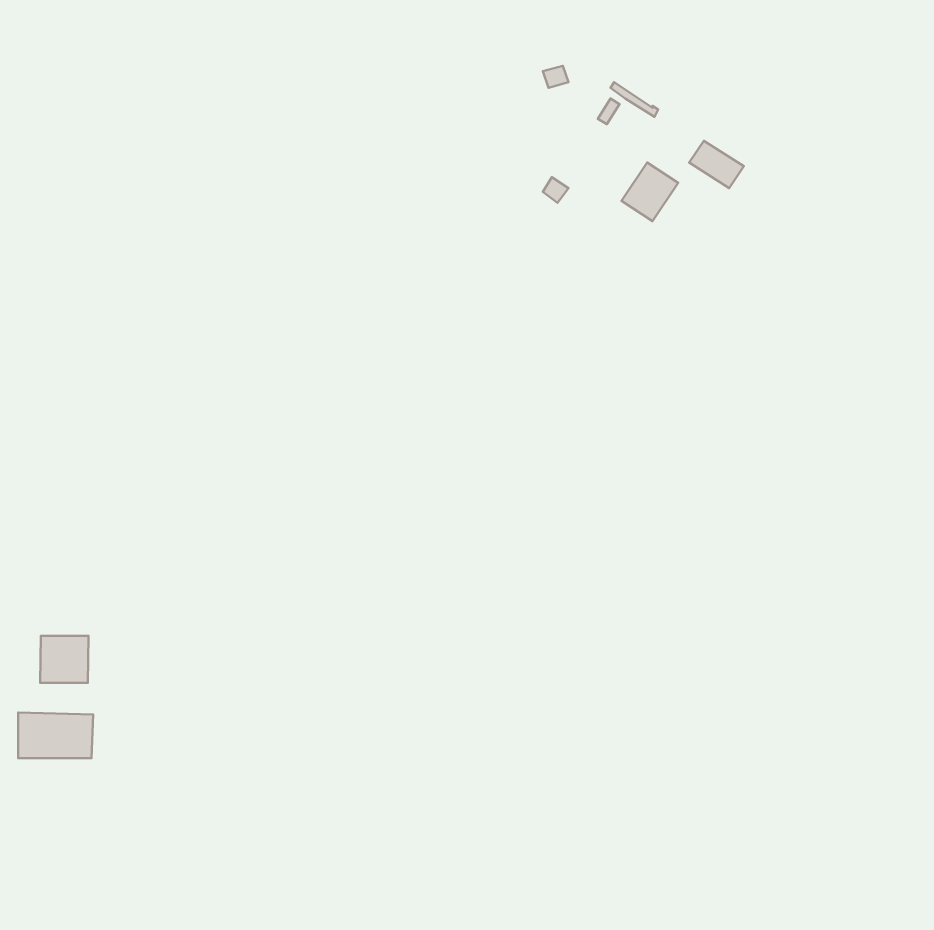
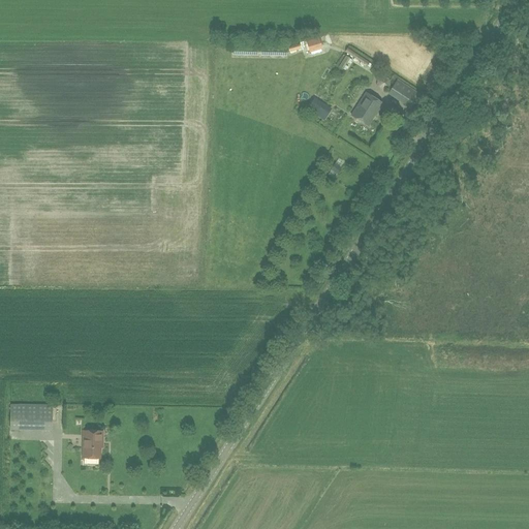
building: [40,636,88,683] -> none
building: none -> [83,430,102,457]

